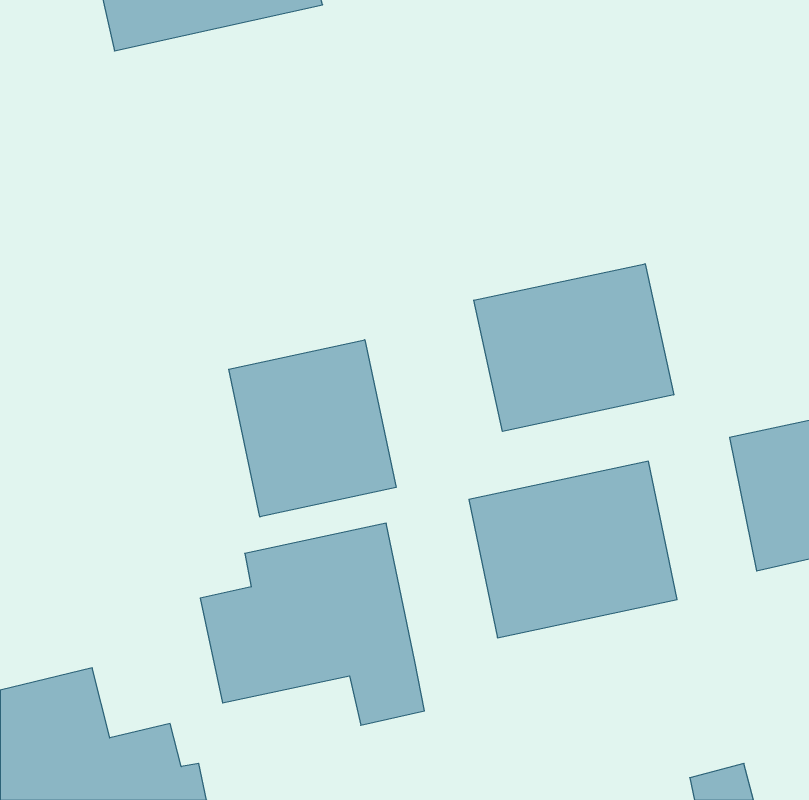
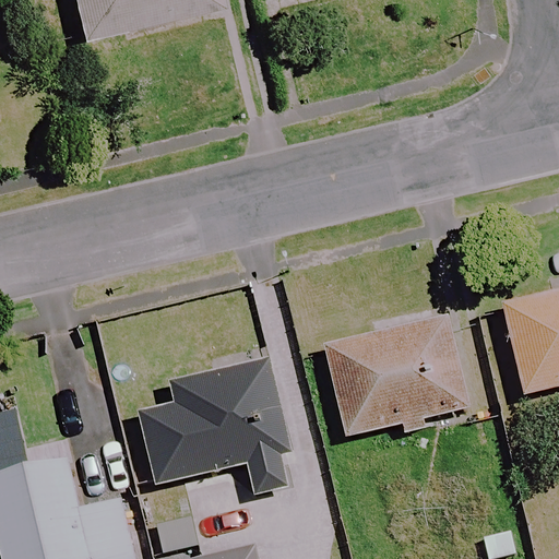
building: [474,264,674,431] -> none
building: [229,340,396,517] -> none

